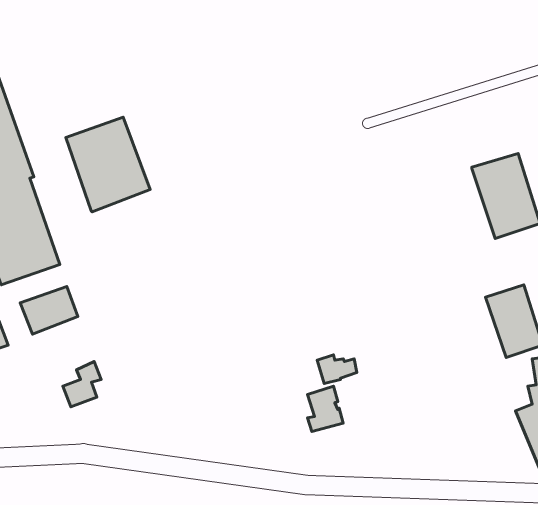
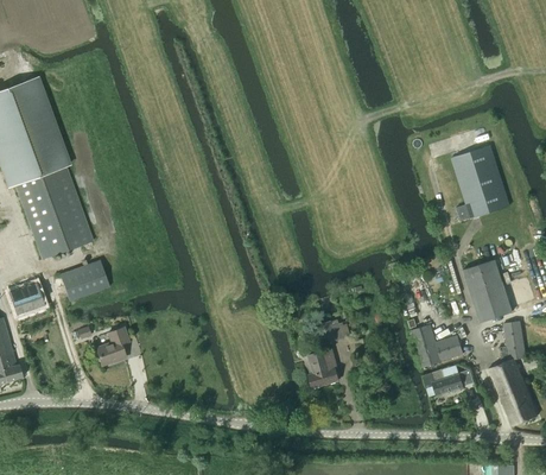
building: [66,117,150,212] -> none
building: none -> [411,324,464,367]
building: none -> [423,369,464,395]

